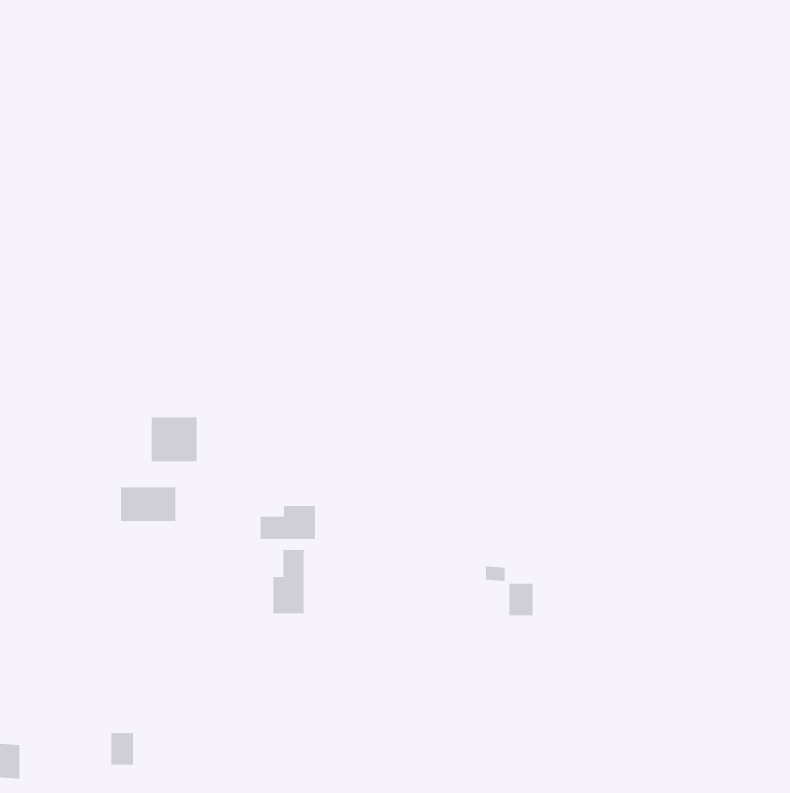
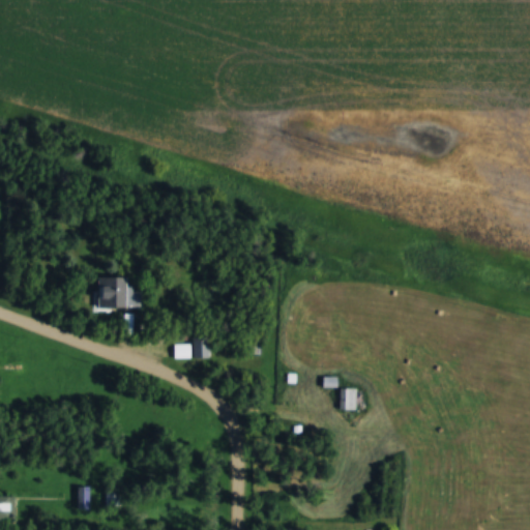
building: [121,486,176,522] -> none
building: [273,549,304,614] -> none

